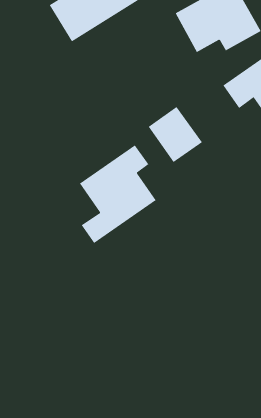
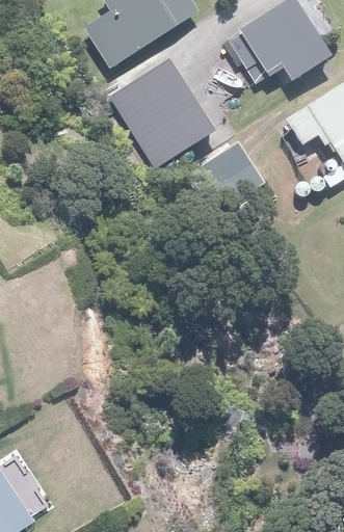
building: none -> [111,61,213,166]
building: [79,144,156,244] -> none

